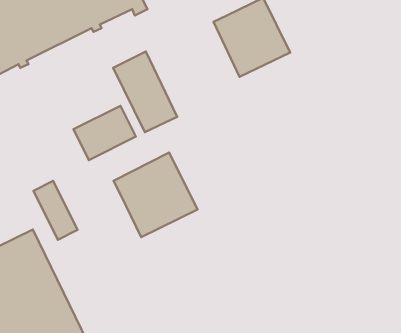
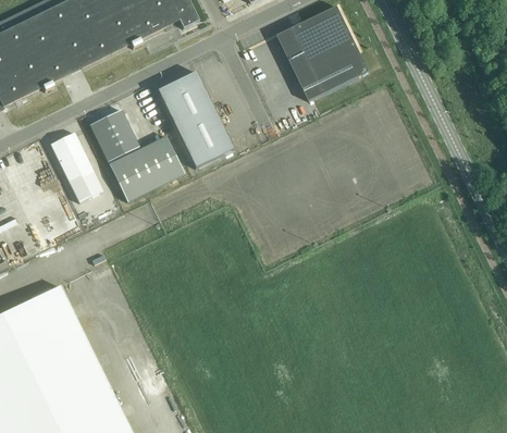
building: none -> [89,109,139,162]
building: [113,152,198,237] -> none
building: [33,181,78,240] -> [50,132,103,202]

